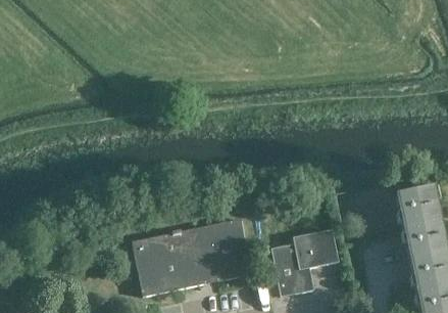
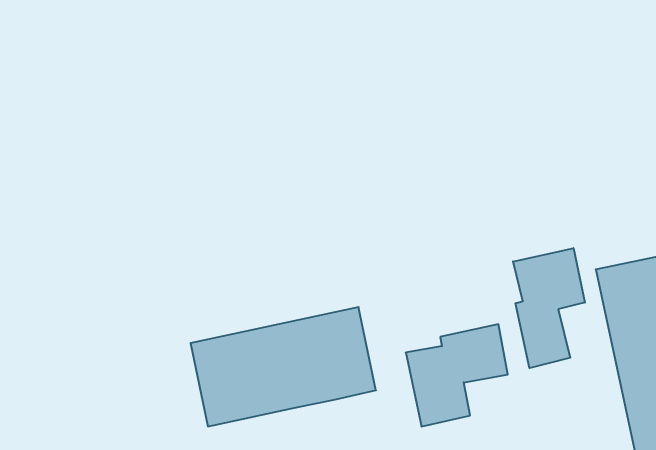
building: none -> [513,248,585,368]

